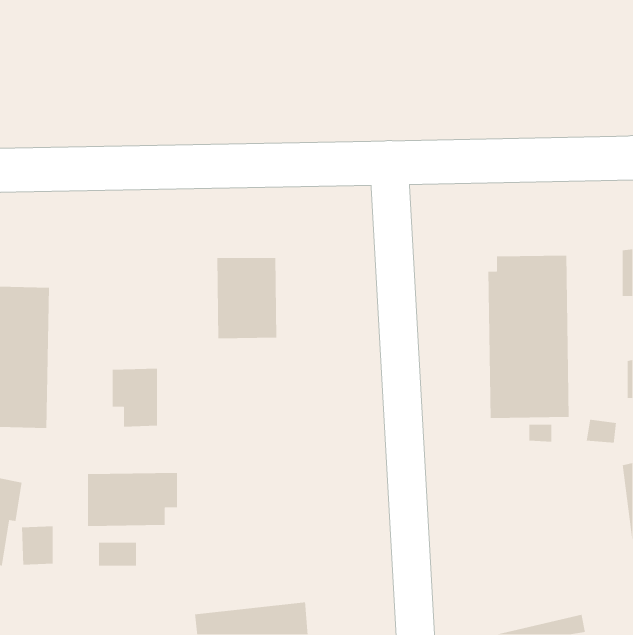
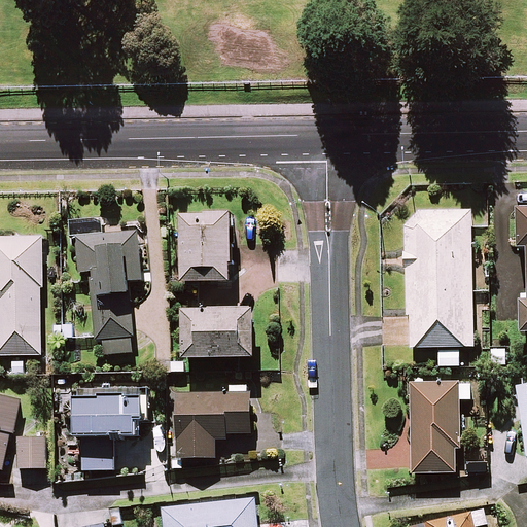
building: none -> [74,220,140,294]
building: none -> [180,307,251,357]
building: none -> [410,382,468,472]
building: none -> [175,392,248,457]

